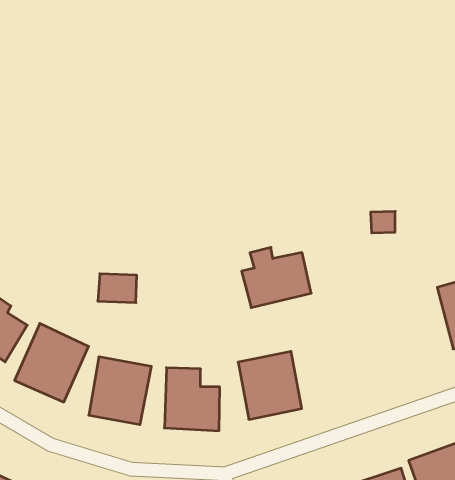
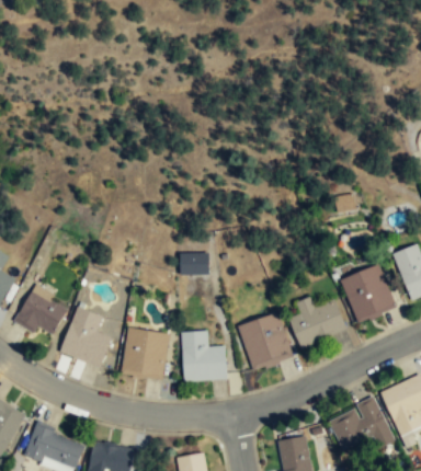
building: [242,247,311,308] -> [289,297,346,346]
building: [98,274,137,303] -> [178,251,208,274]
building: none -> [339,263,397,322]

